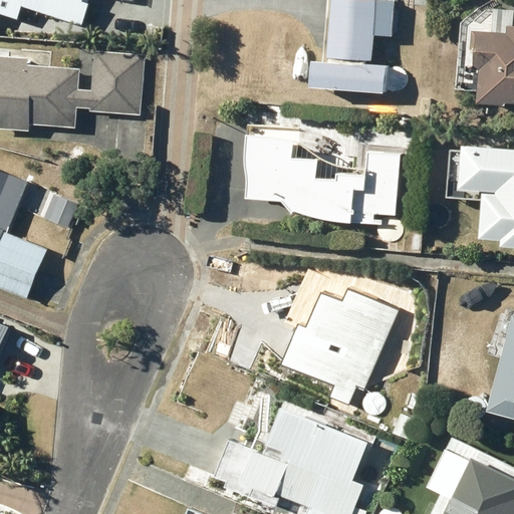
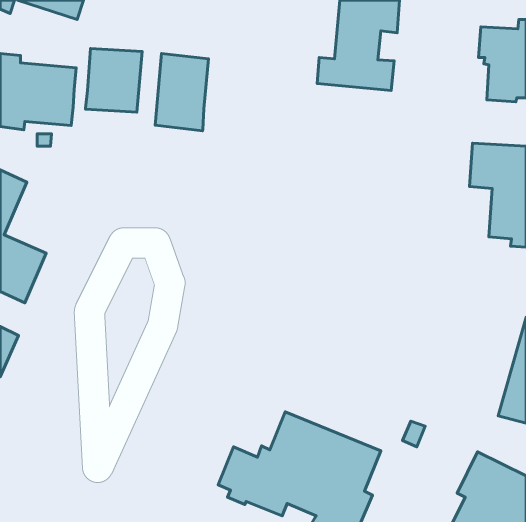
building: none -> [155,53,209,131]
building: [235,130,400,224] -> none
building: [280,287,399,406] -> none

